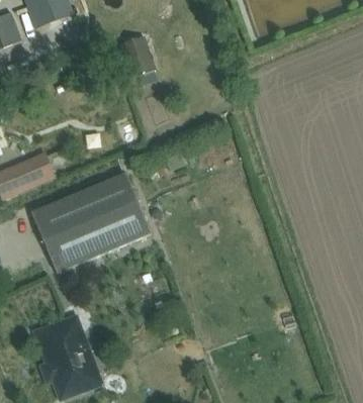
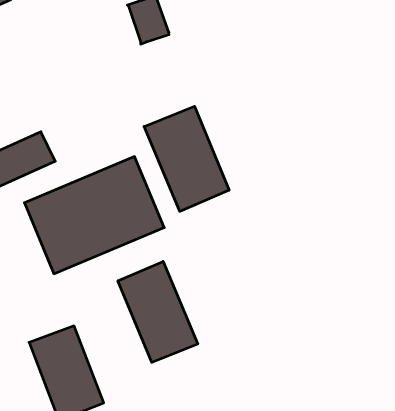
building: none -> [144,106,229,211]
building: none -> [118,261,198,362]

